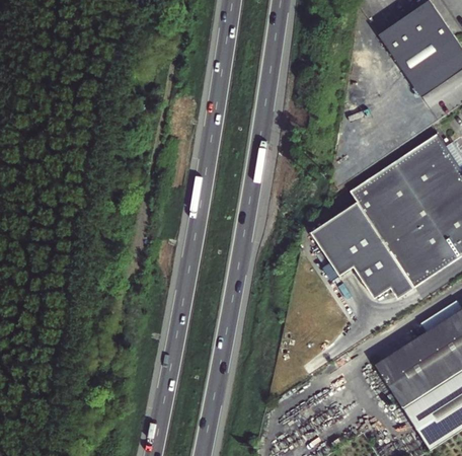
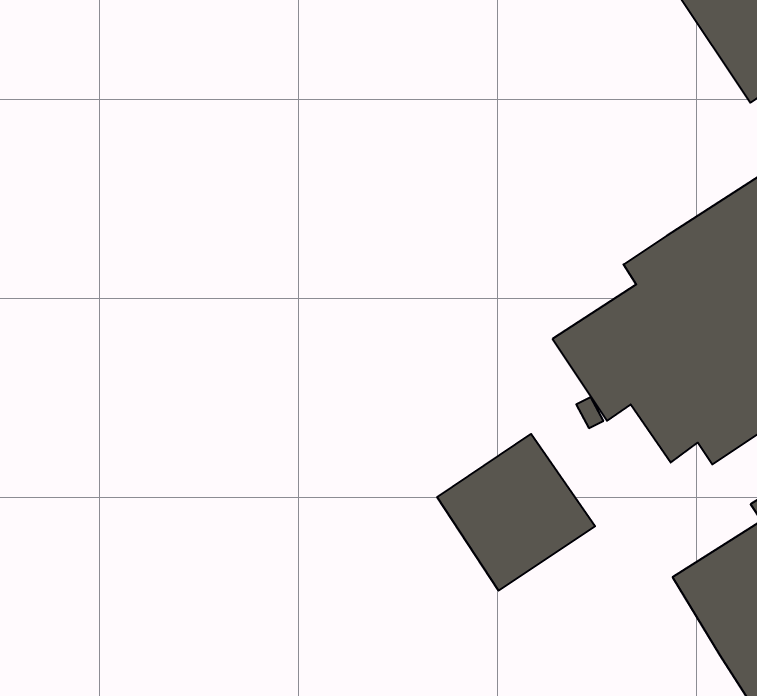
building: none -> [437,434,595,591]

